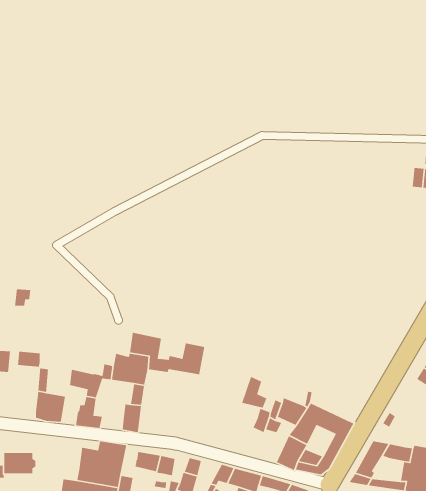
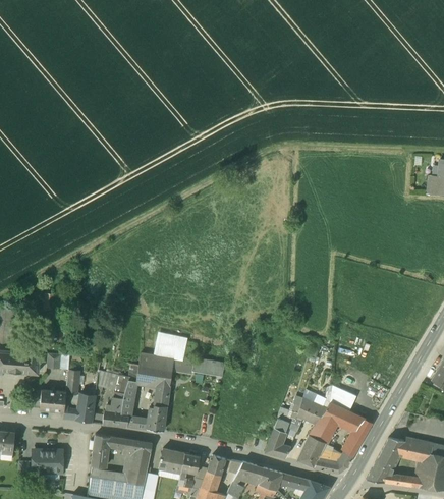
building: [241,376,268,409] -> [265,427,290,458]
building: none -> [121,380,149,429]
building: none -> [41,389,66,411]
building: none -> [90,434,126,467]

